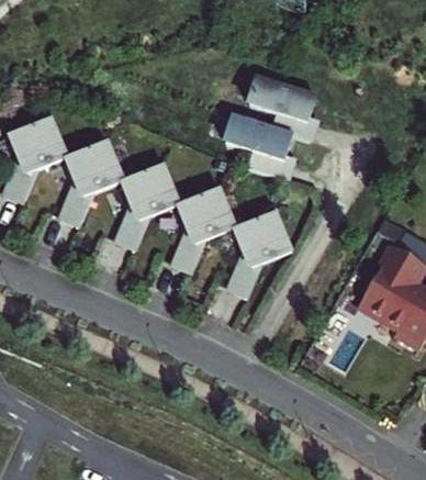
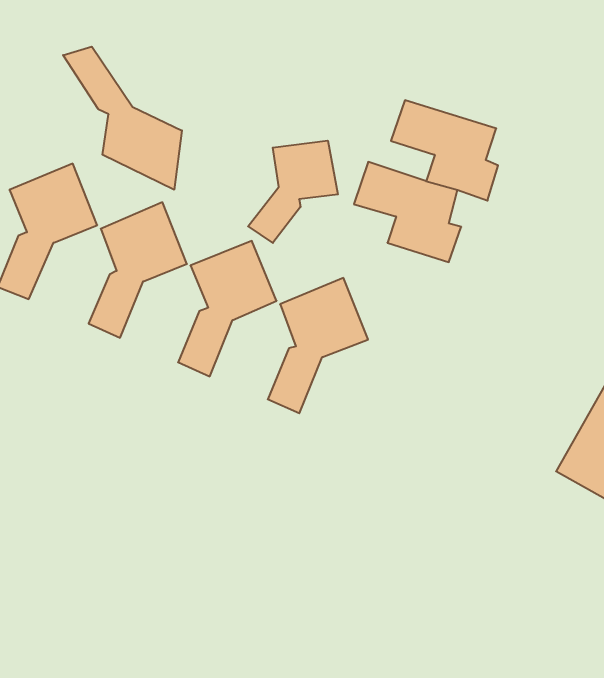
building: none -> [63,47,182,190]
building: none -> [248,141,338,243]
building: [228,211,291,295] -> none

